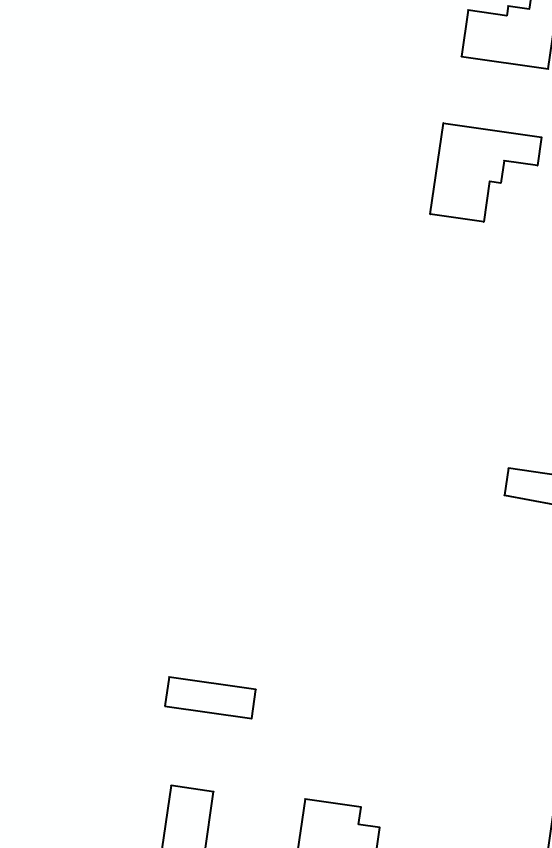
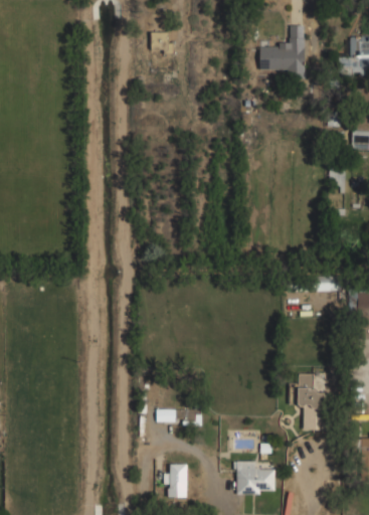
building: [430,123,542,222] -> none
building: none -> [290,373,327,431]

